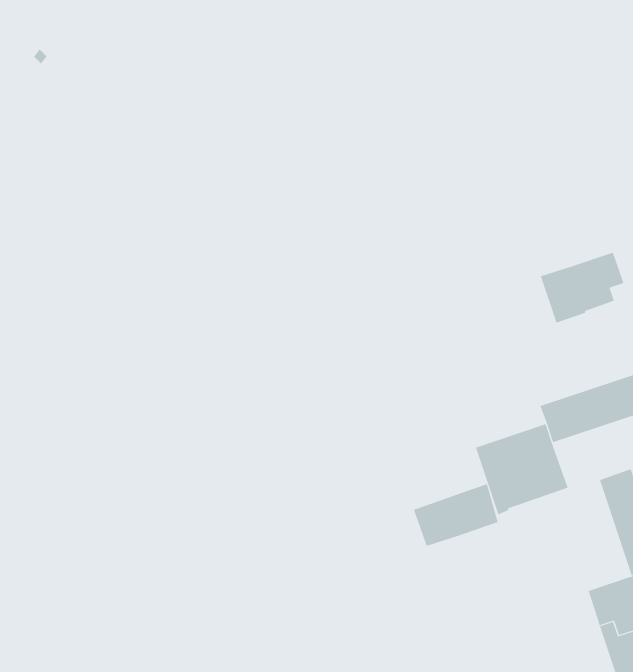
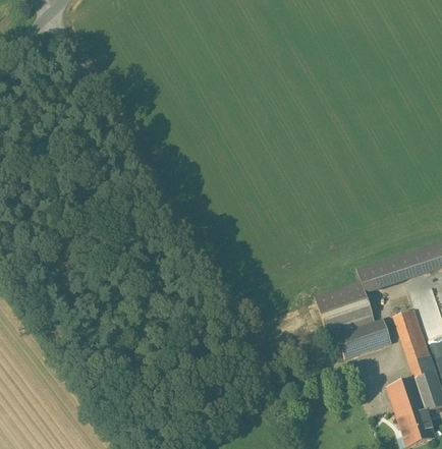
building: [540,252,624,324] -> none
building: [413,484,499,546] -> [336,318,390,357]

